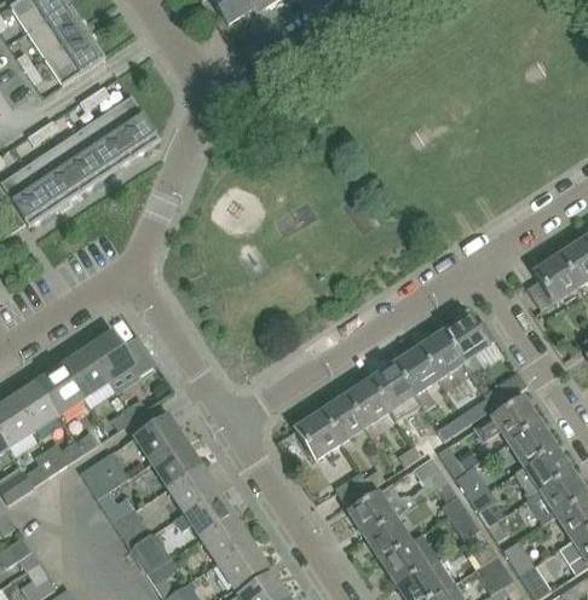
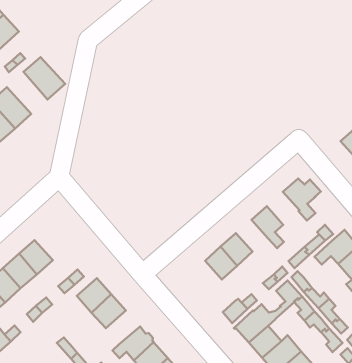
building: [77,112,132,173] -> none
building: [417,331,462,377] -> none
building: [86,333,156,381] -> none
building: [369,364,413,409] -> none
building: [295,412,340,458] -> none
building: [80,460,116,497] -> none
building: [168,466,217,512] -> none

